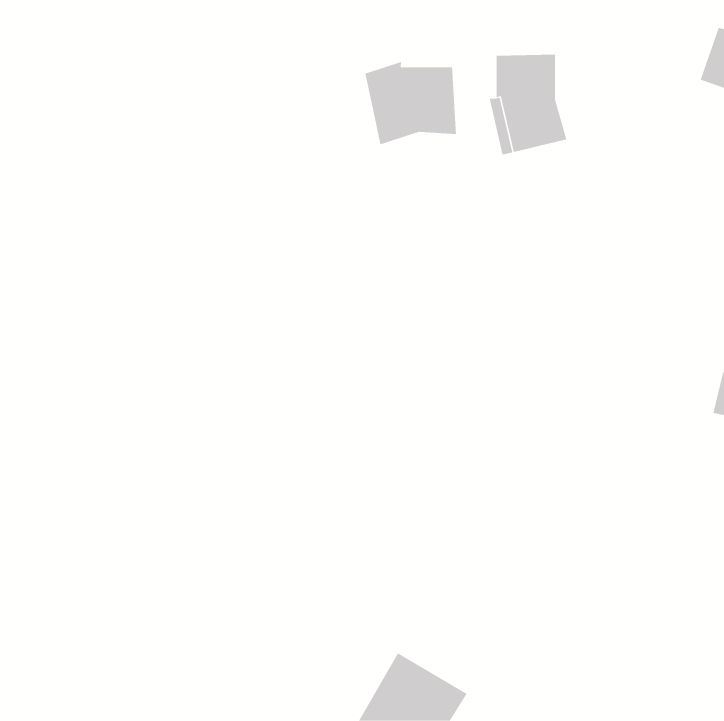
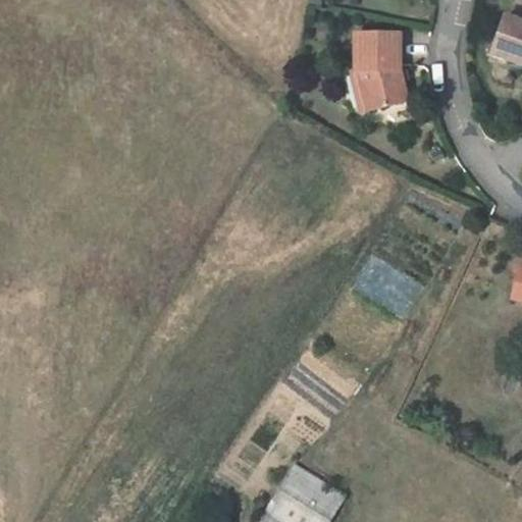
building: [365,61,457,145] -> none

